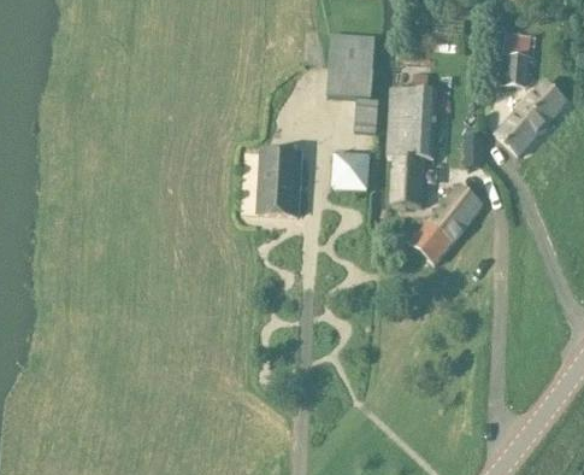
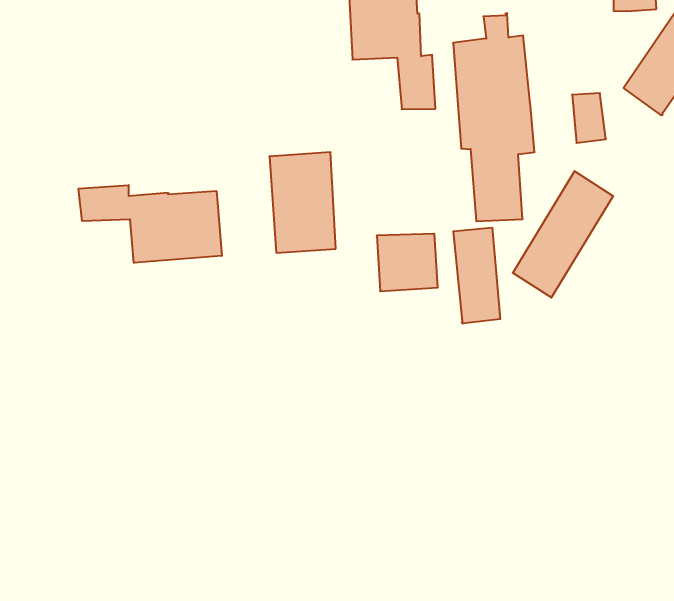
building: [330,151,370,189] -> [377,234,438,291]
building: none -> [79,185,222,263]
building: none -> [454,228,500,324]

